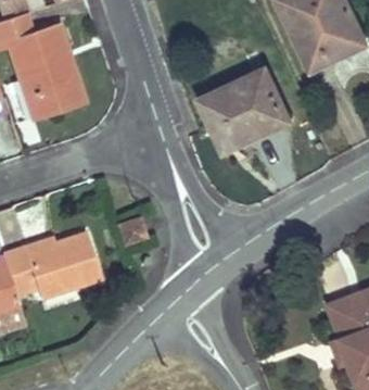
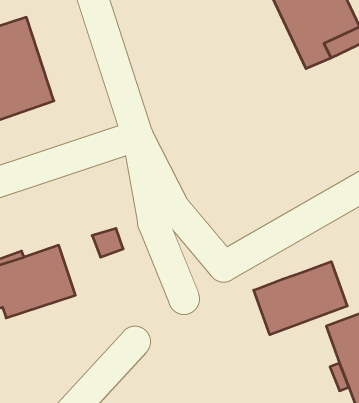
building: [202,73,289,151] -> none
building: none -> [254,262,347,335]

